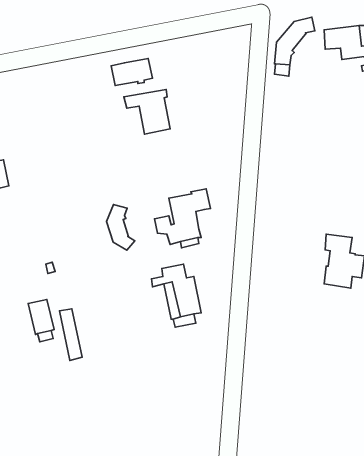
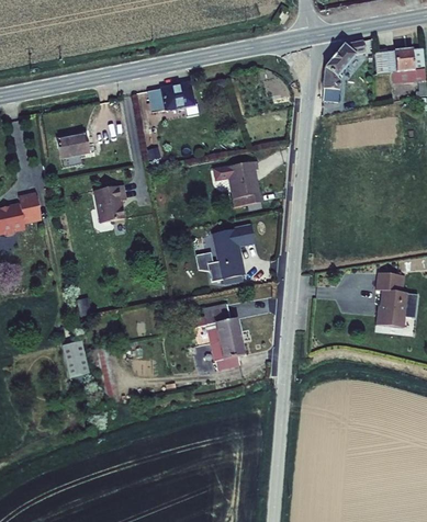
building: [124,90,170,134] -> [212,160,261,207]
building: none -> [56,132,89,157]
building: none -> [93,183,126,223]
building: [106,205,135,250] -> none

